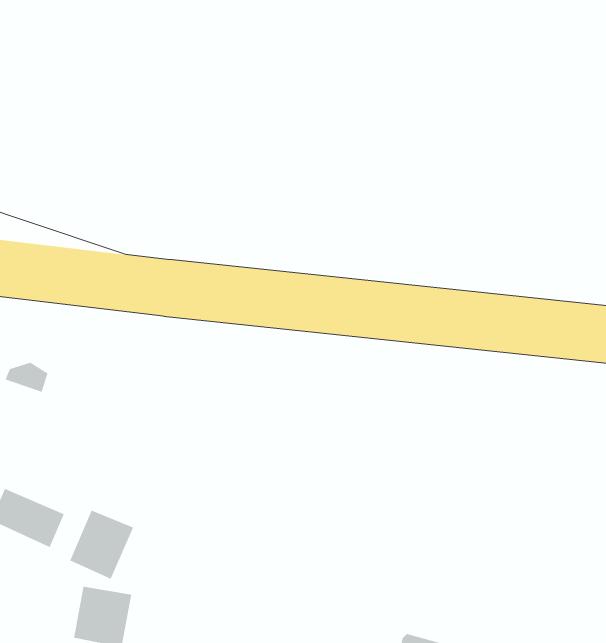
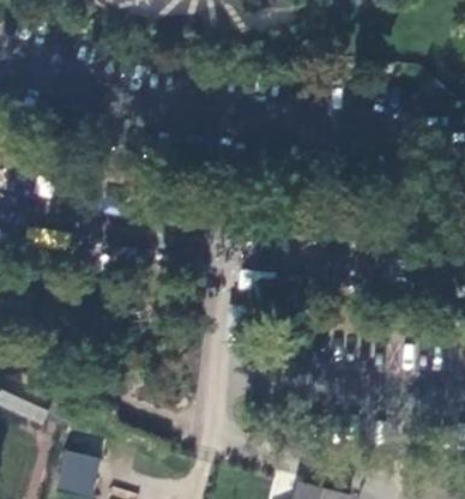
building: [69,509,134,580] -> none

